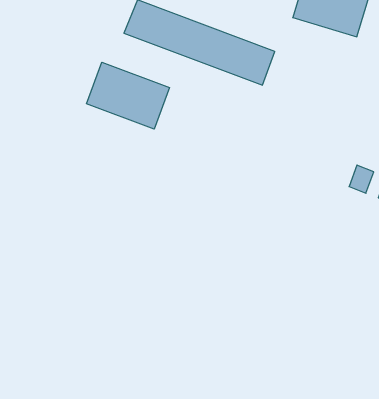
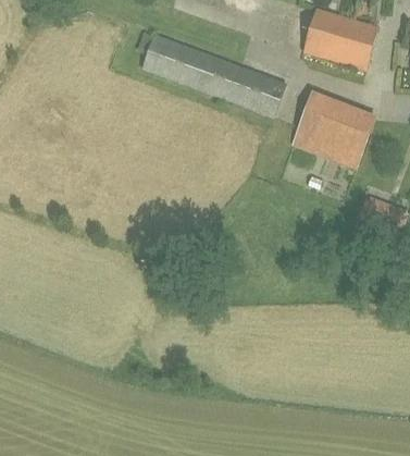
building: none -> [289,88,376,169]
building: [86,62,170,129] -> none

